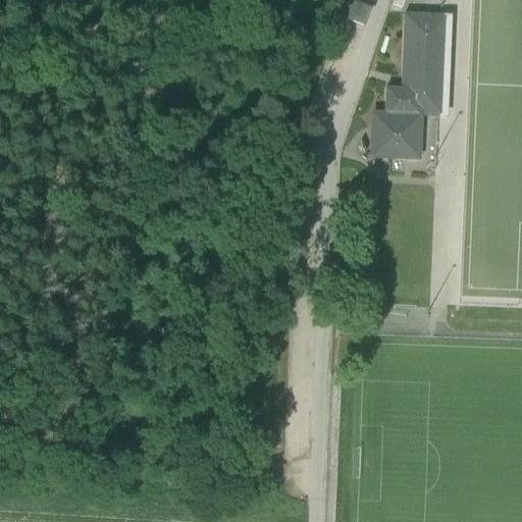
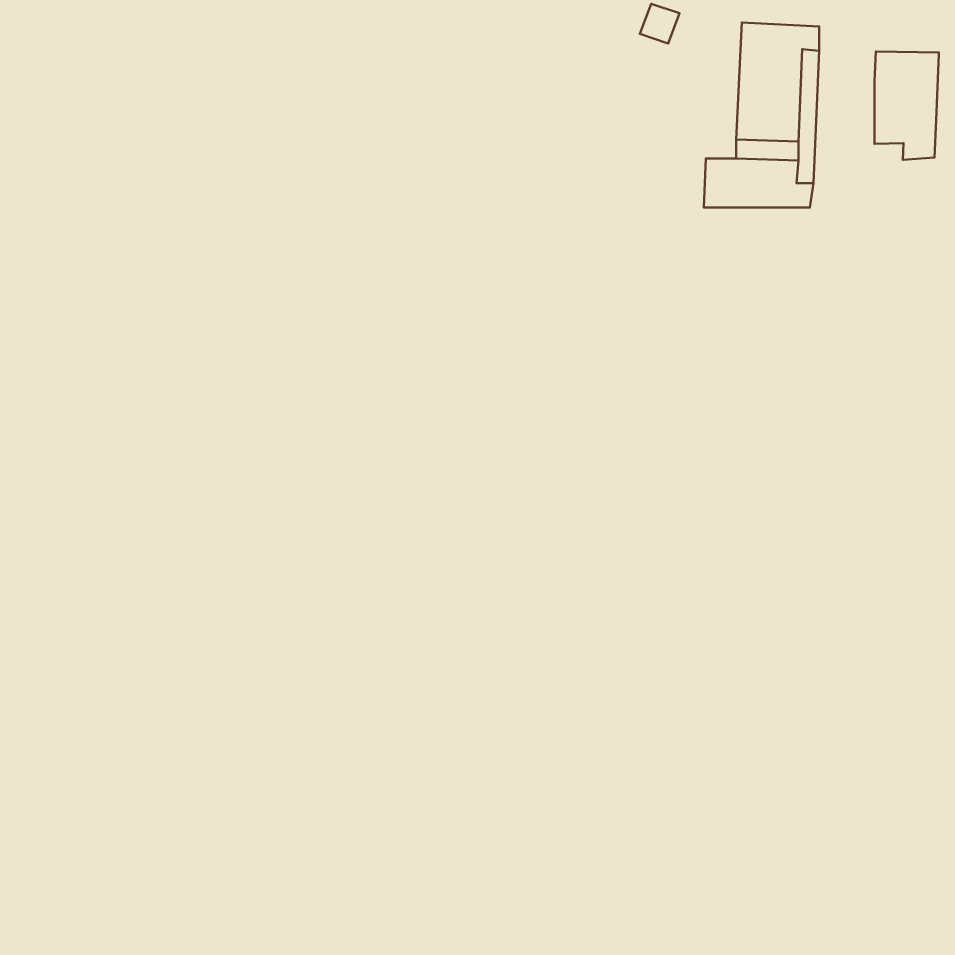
building: none -> [874,52,939,160]
building: [374,111,422,155] -> none

